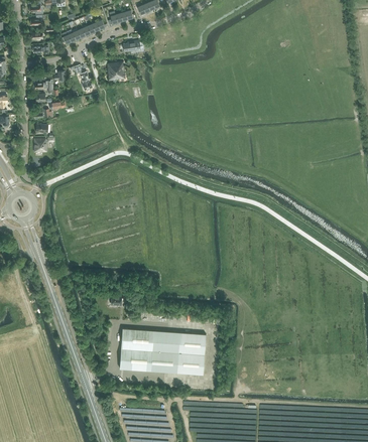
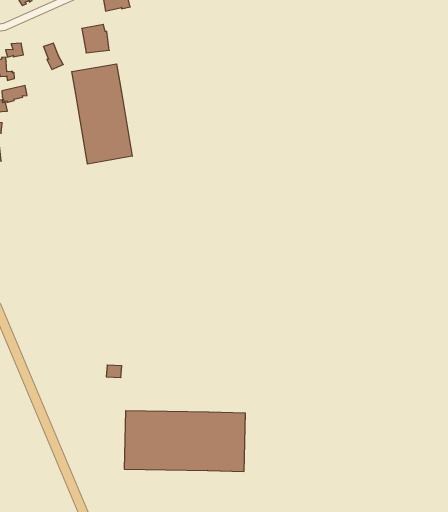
building: none -> [72,64,132,164]

